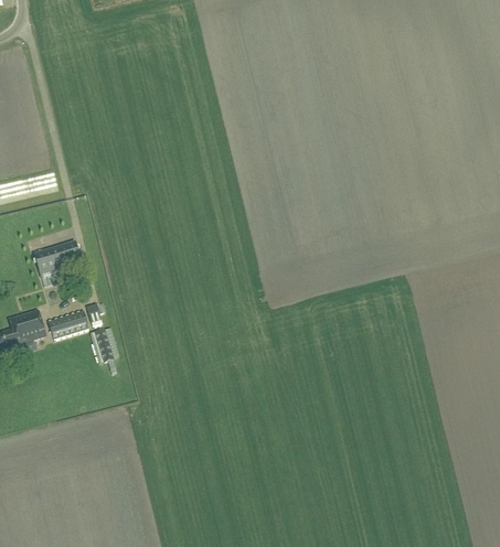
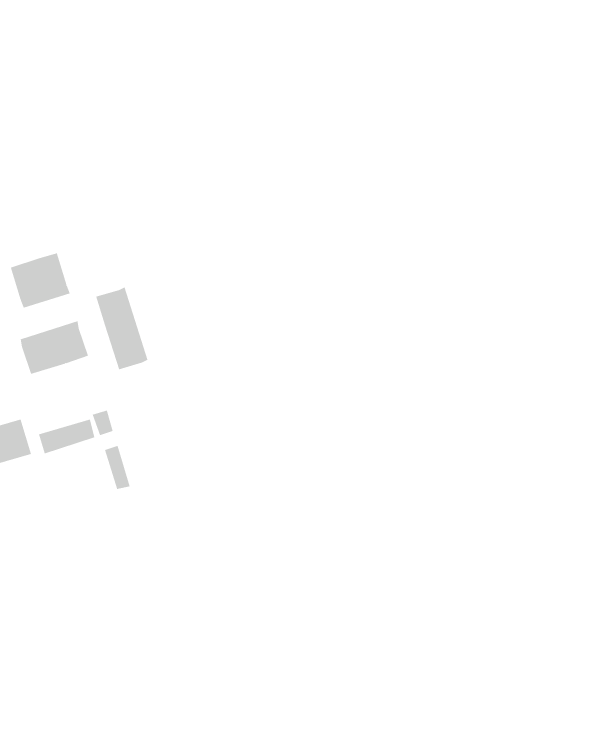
building: none -> [10,253,70,309]
building: none -> [95,286,148,370]

